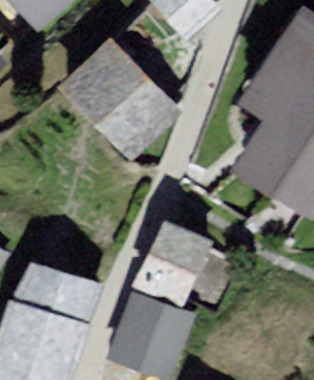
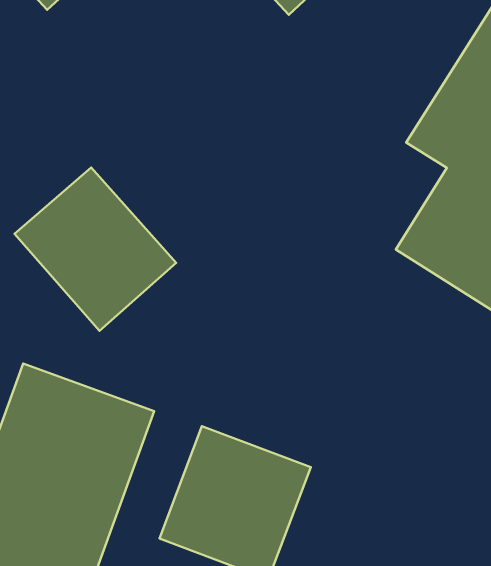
building: [75,62,174,161] -> [15,167,176,331]
building: [136,210,216,297] -> none

